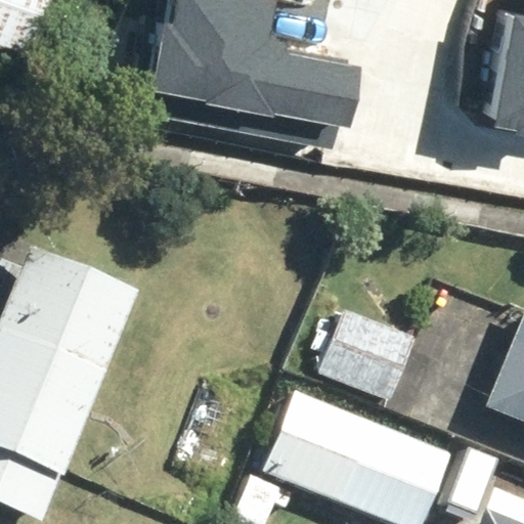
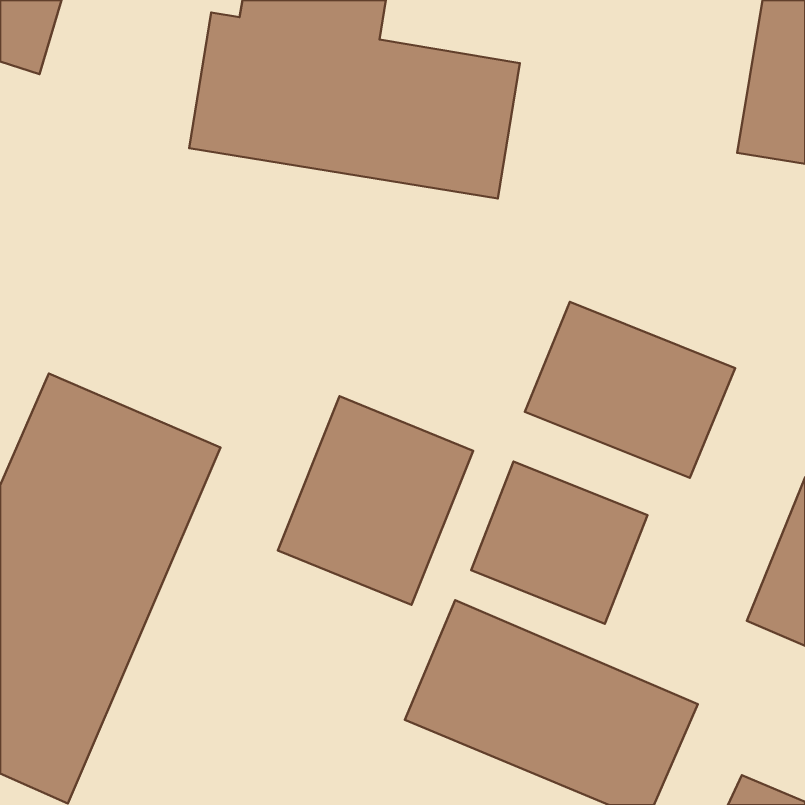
building: none -> [525,302,735,478]
building: none -> [278,396,473,605]

